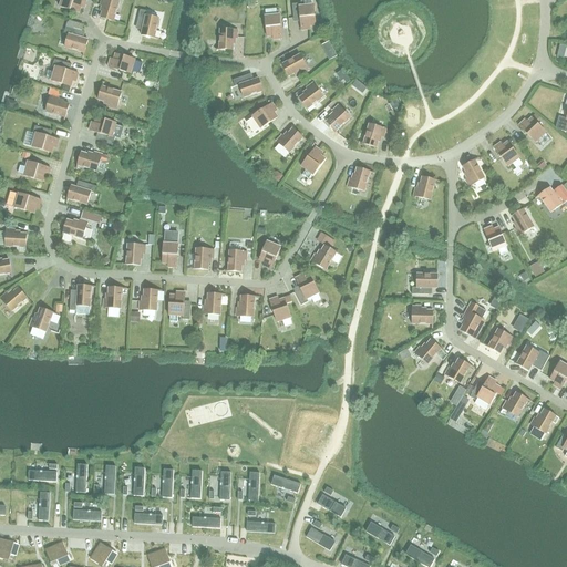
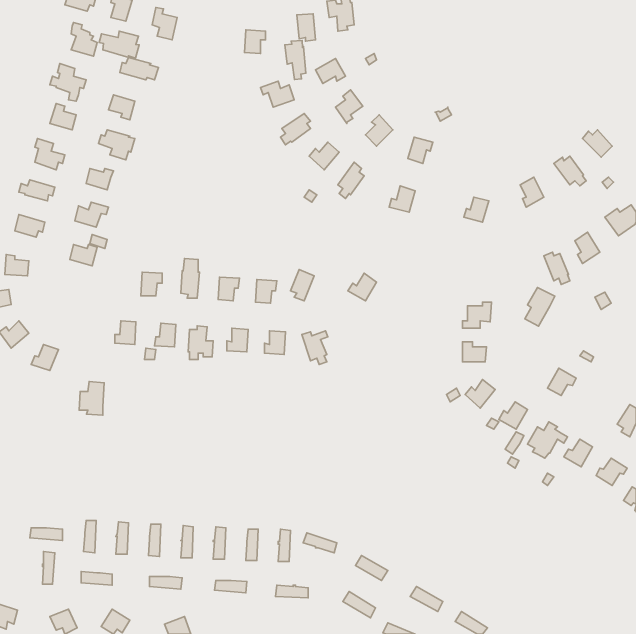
building: none -> [99,31,139,58]
building: none -> [285,40,306,79]
building: [293,271,319,302] -> none
building: [68,282,90,312] -> [79,382,104,415]
building: [458,300,485,334] -> [525,287,555,326]
building: [515,343,548,368] -> none

